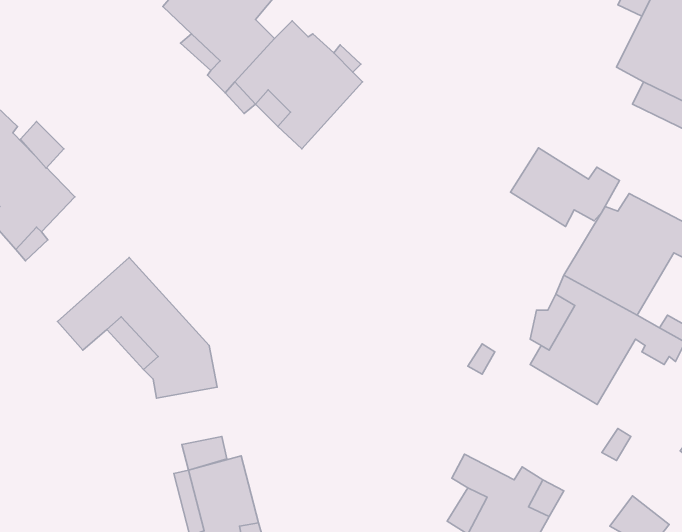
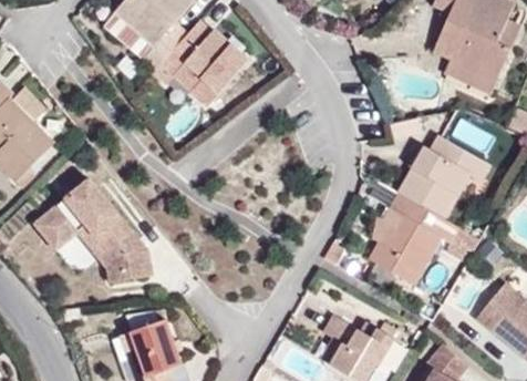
building: [510,148,620,227] -> none

